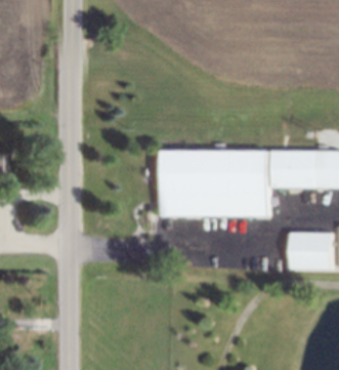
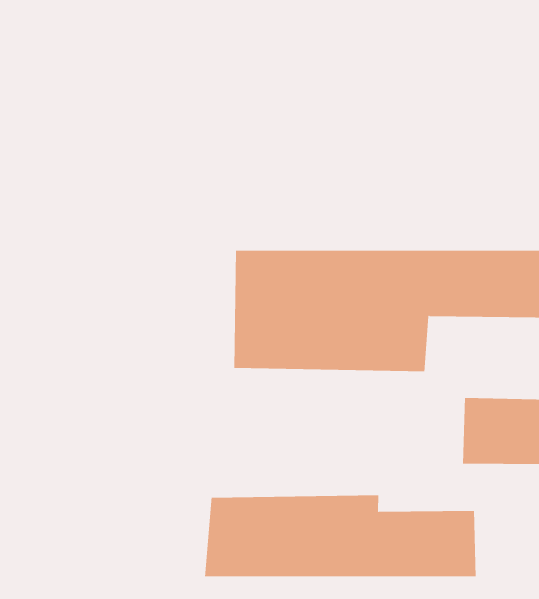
building: none -> [204,495,476,577]

